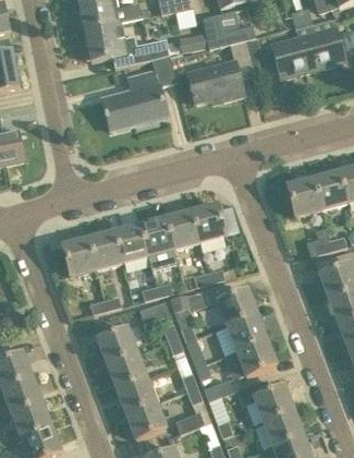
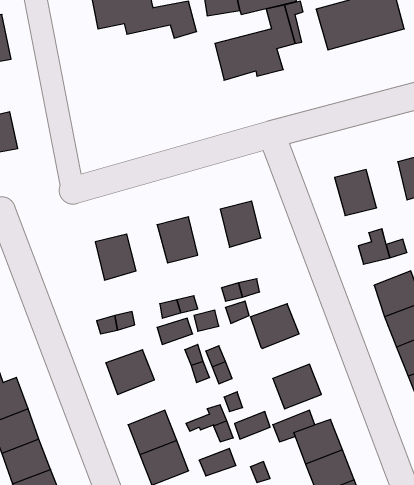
building: [101,63,175,131] -> none
building: [313,171,346,209] -> none
building: [166,210,199,249] -> none
building: [114,224,148,262] -> none
building: [62,238,96,276] -> none
building: [213,314,266,354] -> none
building: [107,352,146,389] -> none

